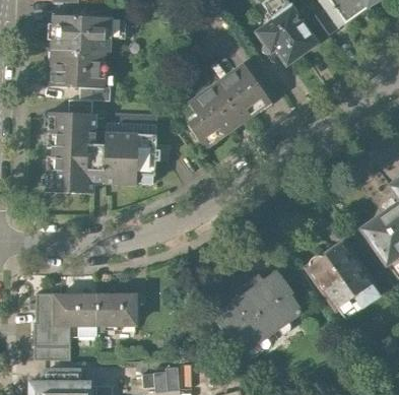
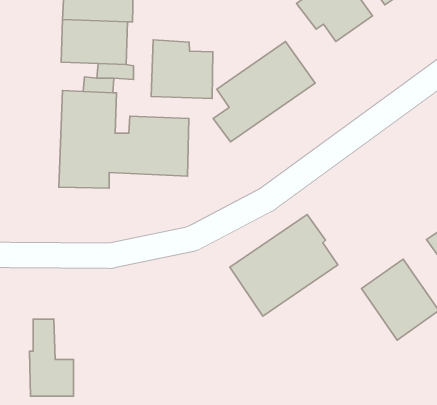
building: none -> [151,40,213,98]
building: [213,273,303,357] -> [230,215,338,316]
building: [52,292,132,327] -> none

